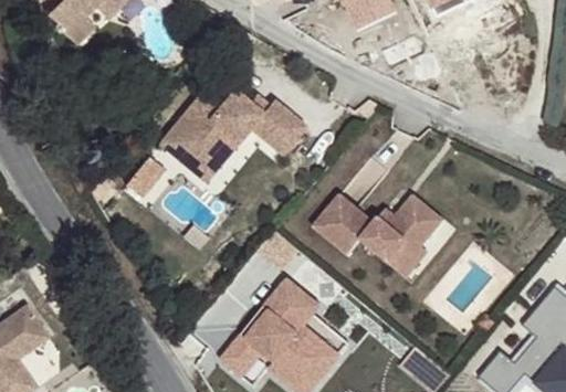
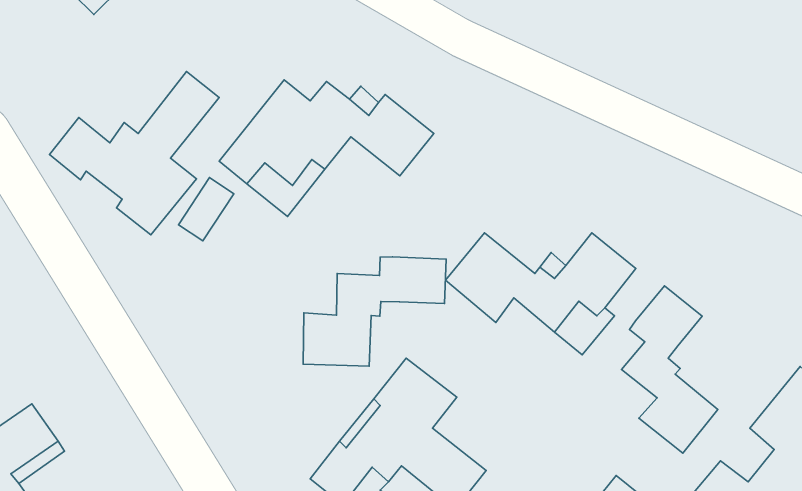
building: none -> [49,71,219,235]
building: none -> [303,257,446,366]
building: none -> [622,286,718,453]

